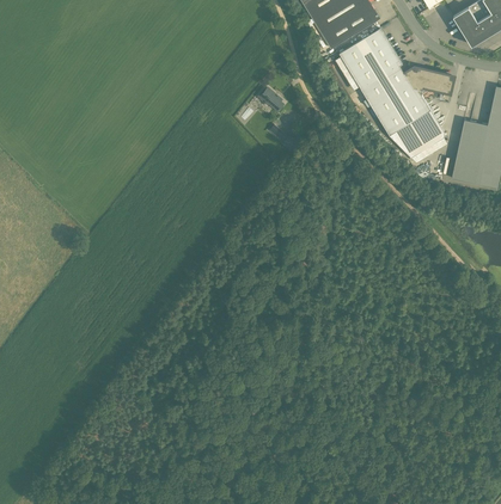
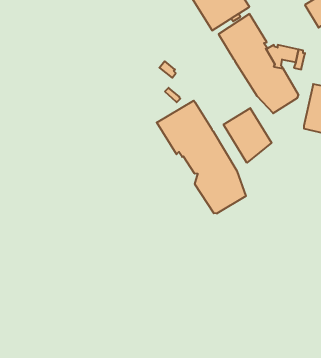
building: none -> [157,101,246,214]
building: none -> [224,108,272,163]

